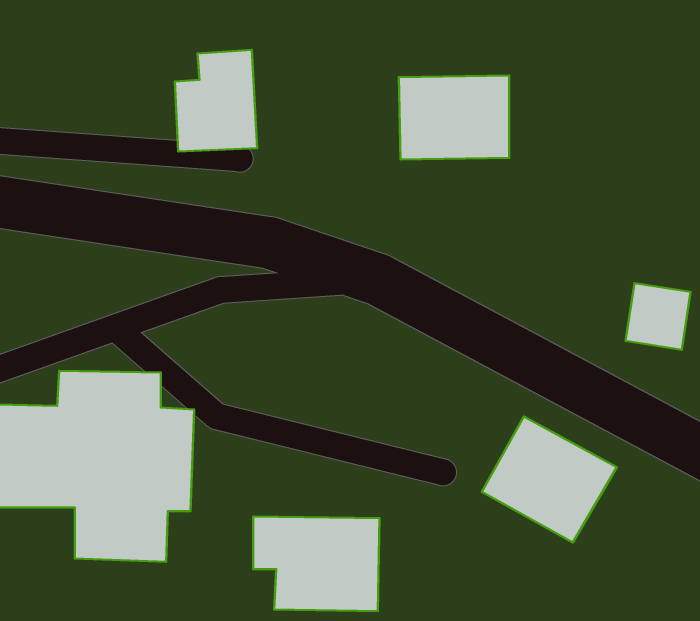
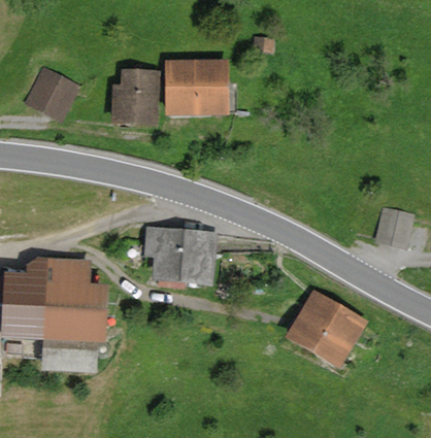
building: none -> [20,69,76,123]
building: [399,75,509,160] -> [164,63,229,112]
building: [253,516,380,611] -> [144,229,219,284]

